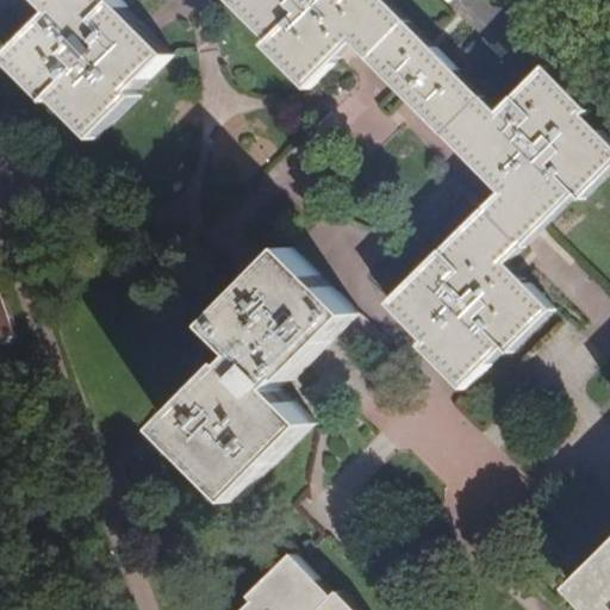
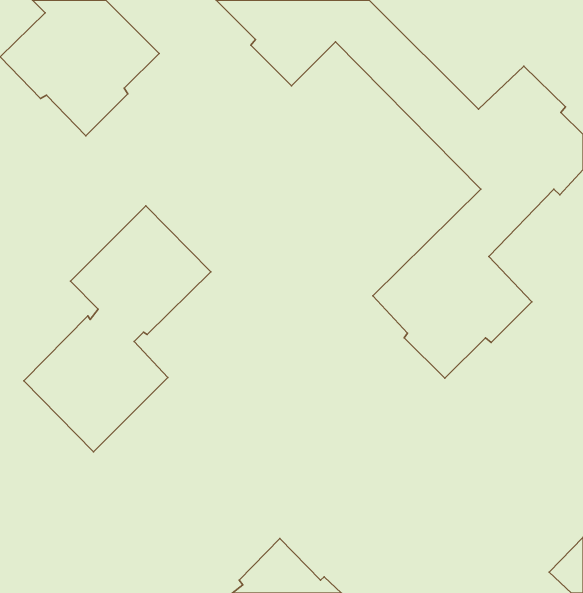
building: [158,248,350,500] -> [24,206,211,452]

